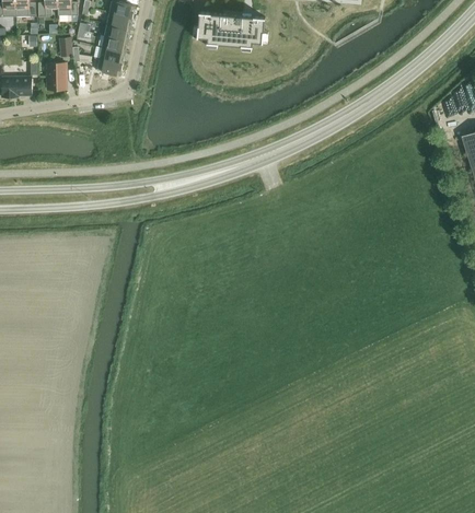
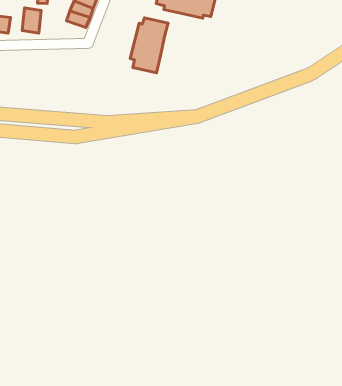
building: none -> [130,18,168,73]

